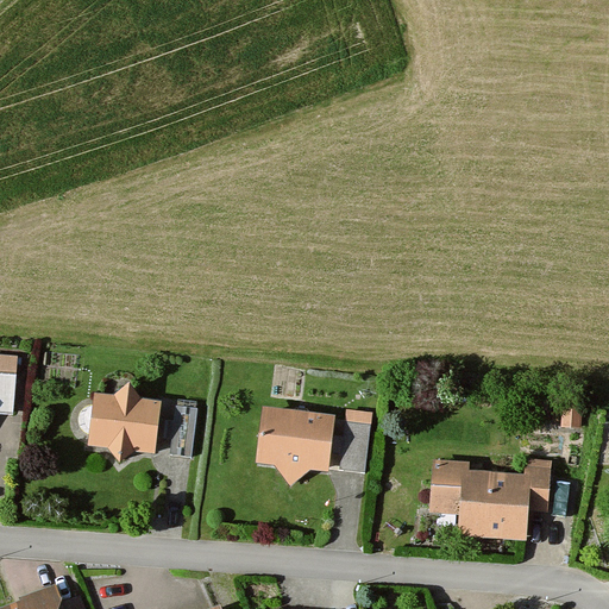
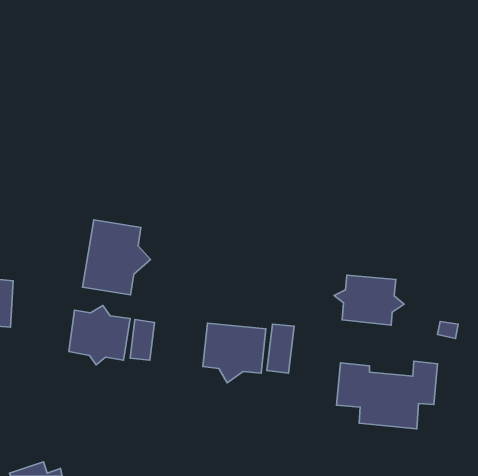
building: none -> [83,220,151,295]
building: none -> [334,275,404,325]

